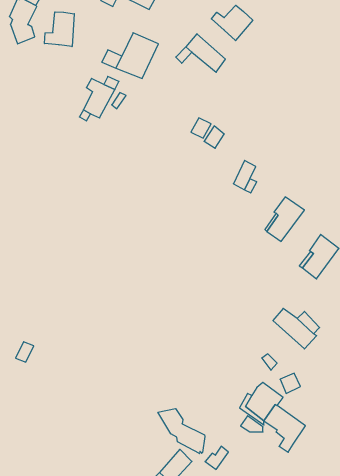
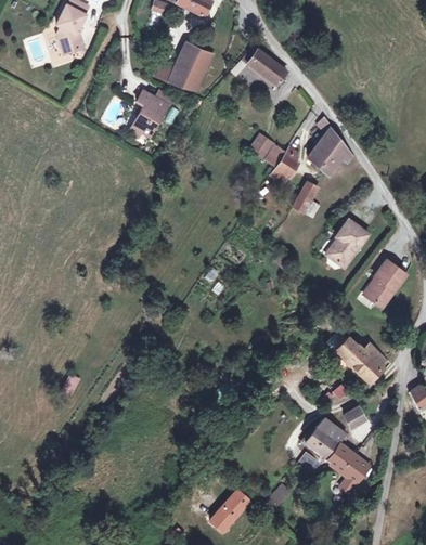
building: [211,5,253,41] -> none
building: [45,12,74,47] -> none
building: none -> [308,115,354,176]
building: none -> [272,146,300,181]
building: [158,409,205,454] -> none

